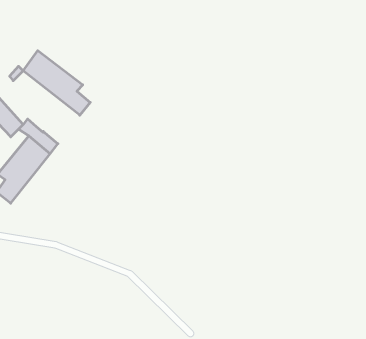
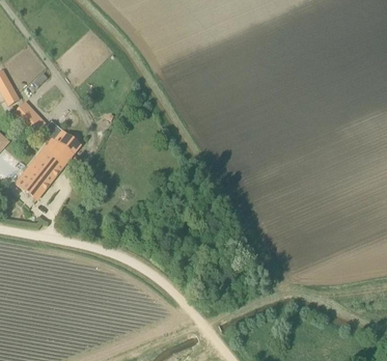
building: [23,51,90,115] -> none

